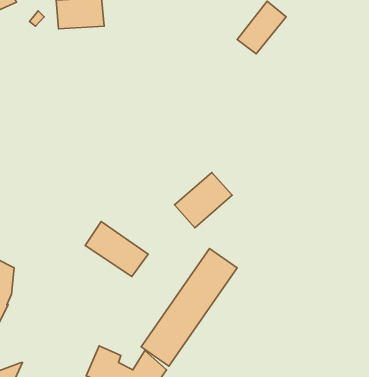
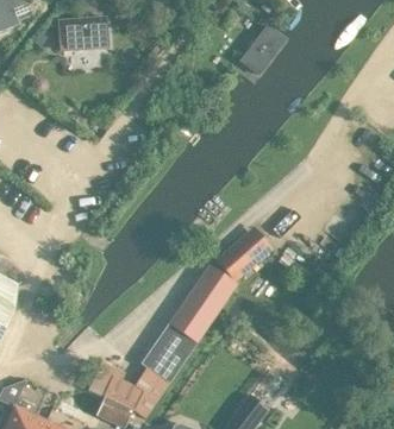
building: [175,172,232,228] -> [215,225,273,279]
building: [85,221,148,277] -> none

